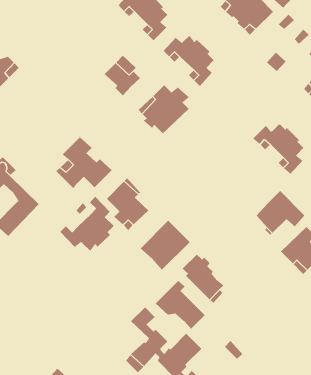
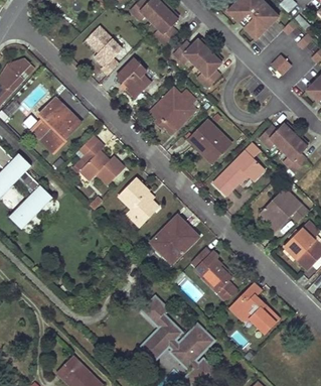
building: none -> [87,26,123,75]
building: none -> [32,96,83,151]
building: none -> [189,119,231,159]
building: none -> [212,141,265,195]
building: [60,196,114,251] -> none
building: [155,280,206,330] -> [229,285,278,333]

